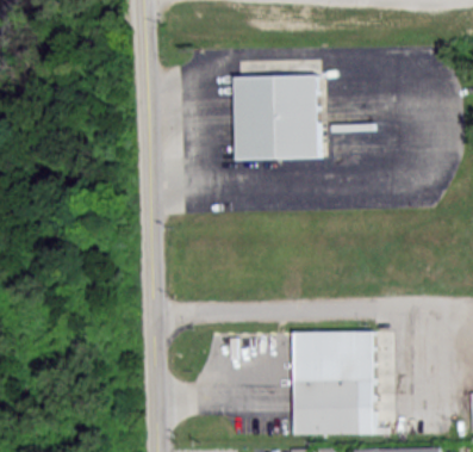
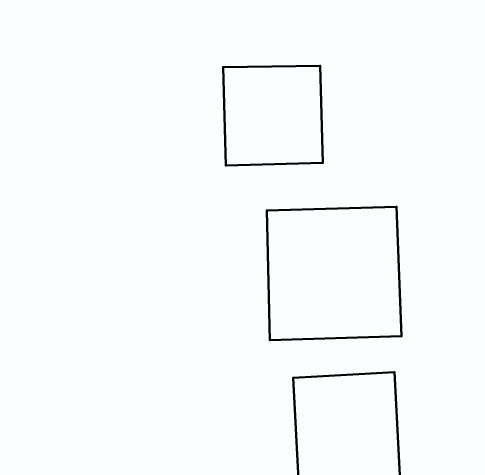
building: none -> [267,207,401,340]

